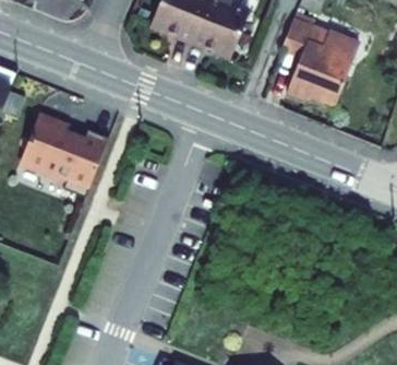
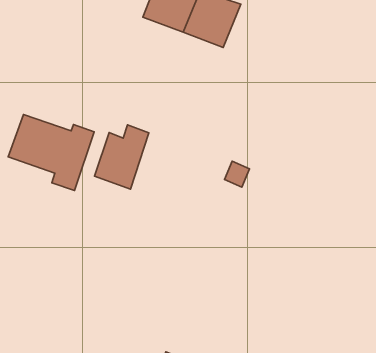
building: [282,23,359,105] -> none
building: none -> [94,125,149,189]

